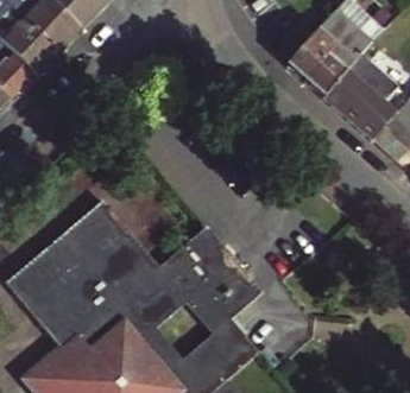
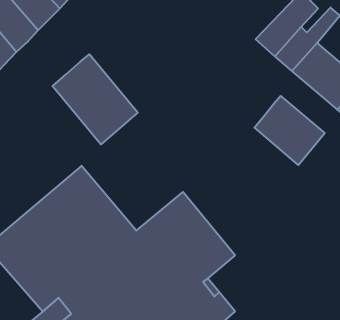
building: none -> [52,54,138,144]
building: none -> [254,96,325,165]

